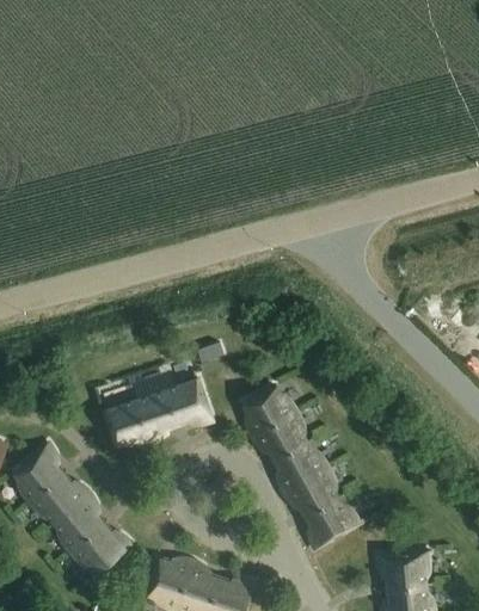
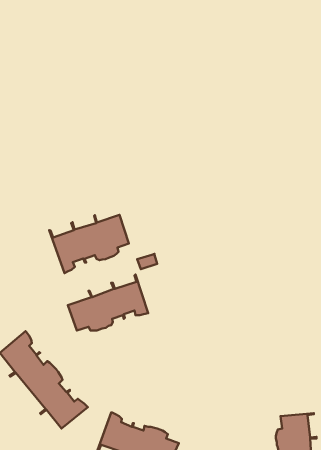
building: none -> [49,215,129,273]
building: [245,387,362,549] -> none

